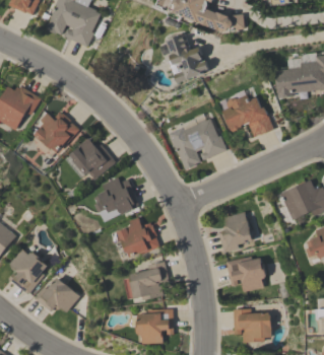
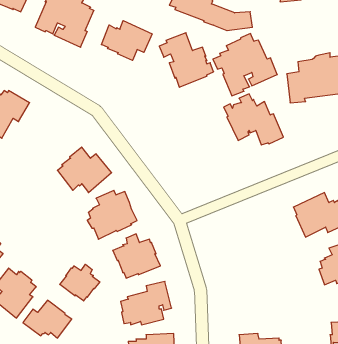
building: none -> [101,21,152,60]
building: [35,112,78,152] -> none
building: [168,113,226,169] -> [213,34,277,96]
building: [218,207,253,253] -> none
building: none -> [60,264,100,301]
building: [225,257,266,291] -> none

